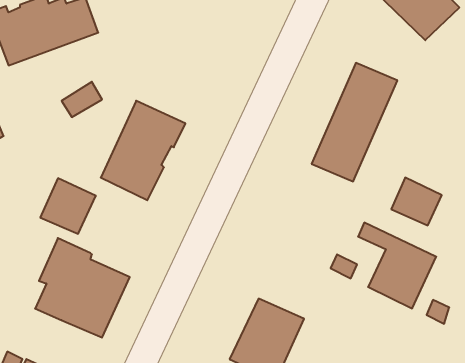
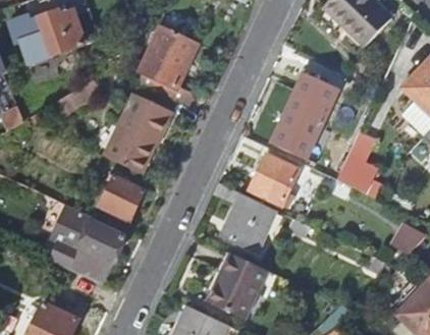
building: none -> [141,26,197,104]
building: none -> [250,154,298,205]
building: [40,178,96,234] -> [99,174,144,219]
building: [358,223,436,308] -> [213,182,276,252]

